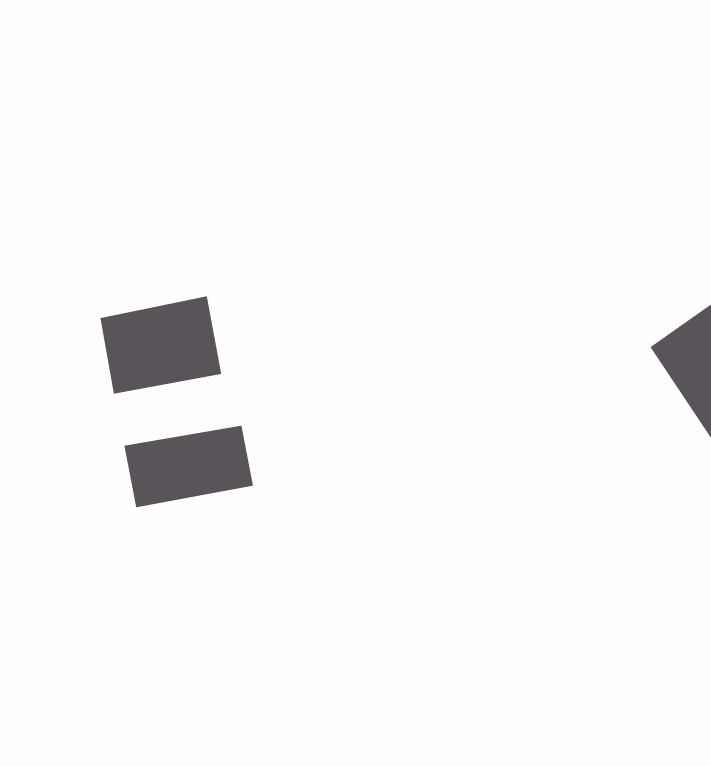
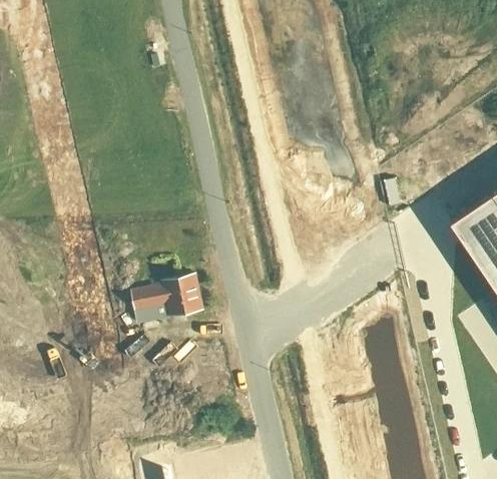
building: [100,295,222,395] -> none

